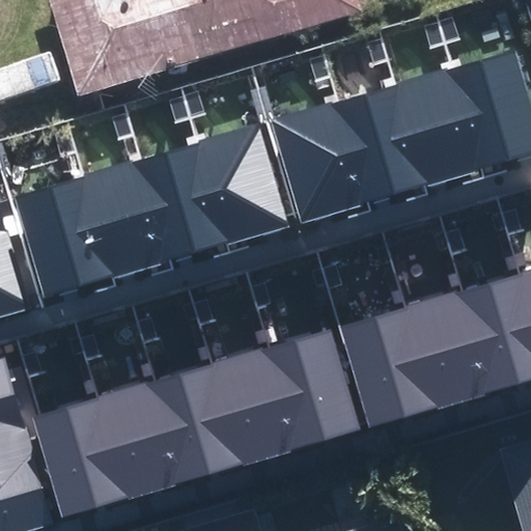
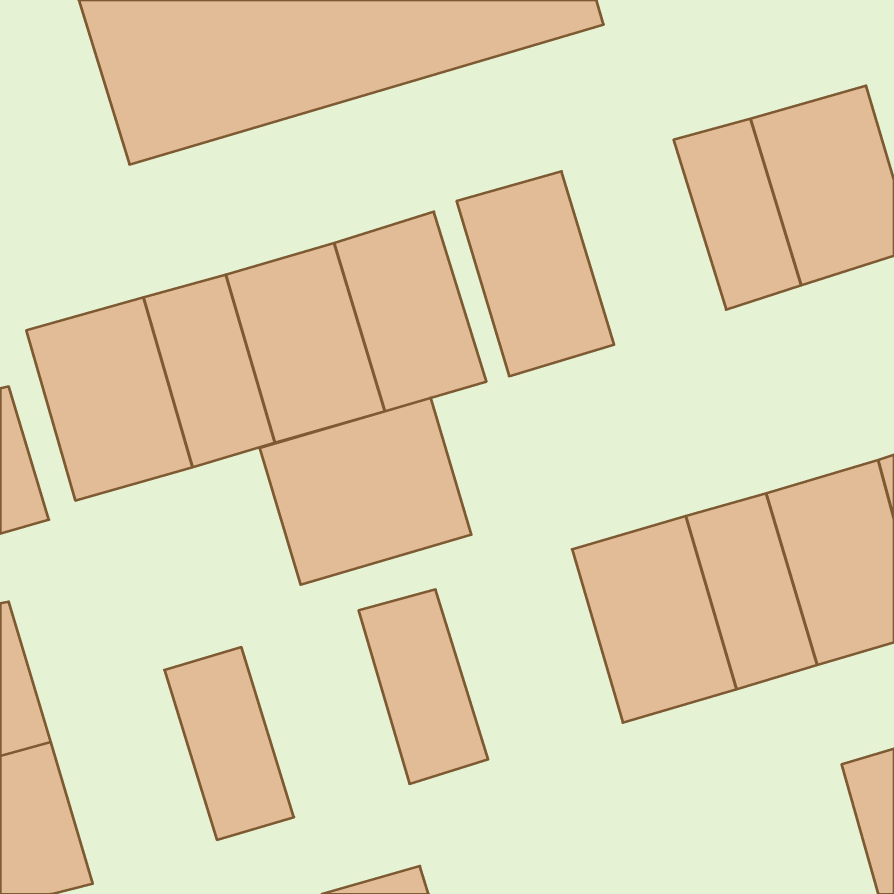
building: [333,83,430,204] -> none
building: none -> [260,398,471,585]
building: [258,328,361,450] -> none
building: [143,362,243,484] -> none
building: [32,397,129,518] -> none

